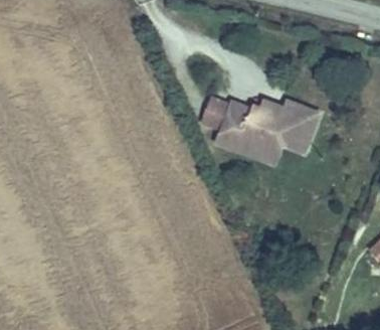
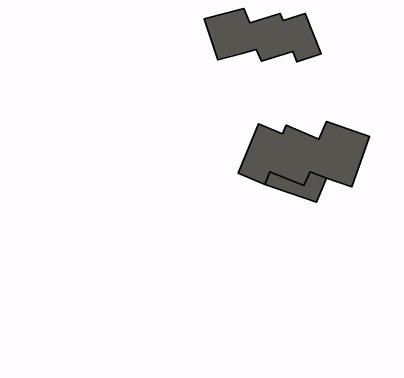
building: none -> [204,9,321,62]

